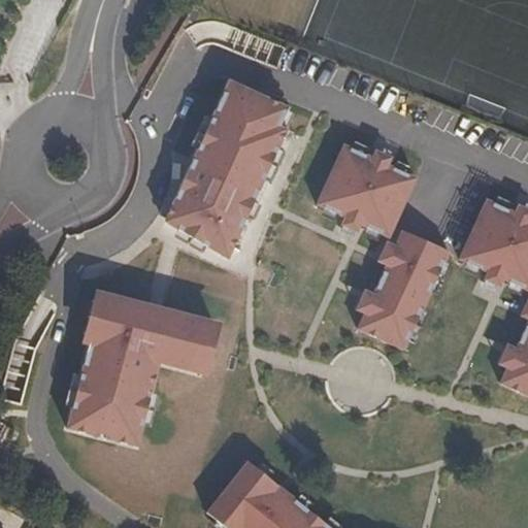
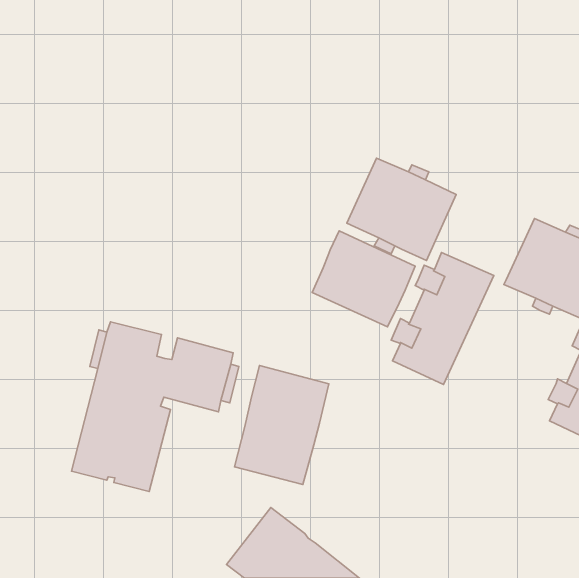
building: [164,78,288,257] -> none
building: none -> [312,231,415,327]
building: none -> [235,365,329,484]

